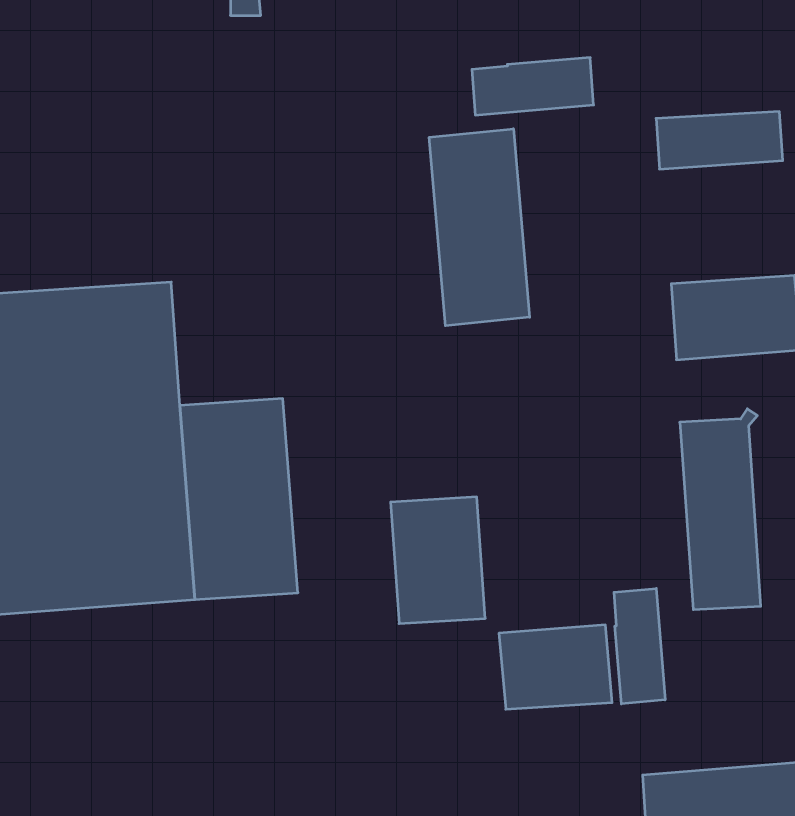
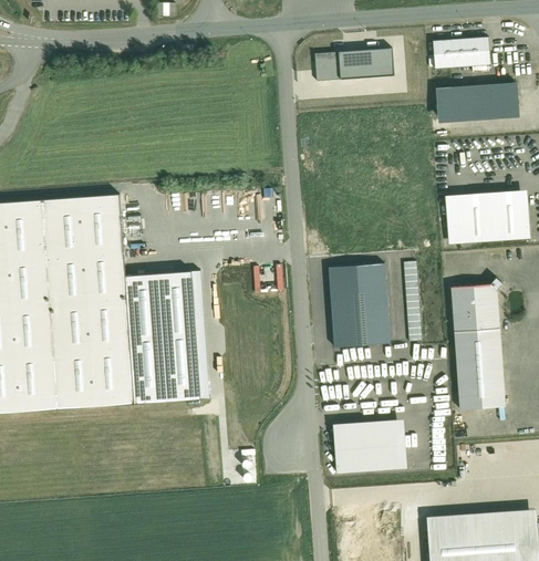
building: none -> [432,35,490,71]
building: [429,129,530,326] -> none
building: [391,497,485,624] -> [329,267,391,350]
building: [614,588,665,704] -> none

